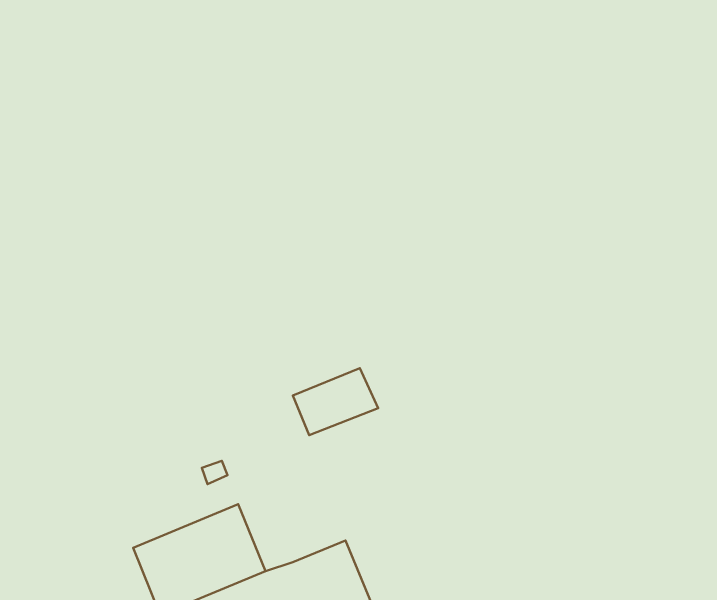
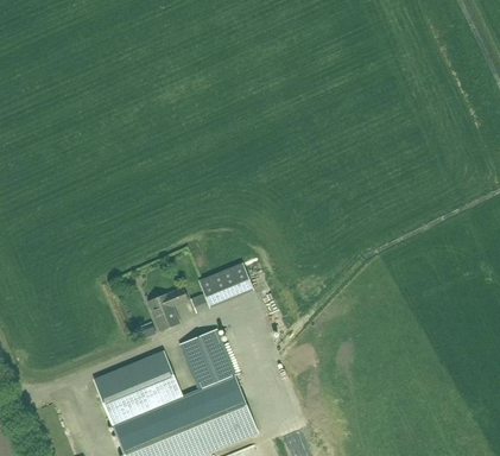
building: none -> [147,286,188,331]
building: none -> [179,329,234,390]

